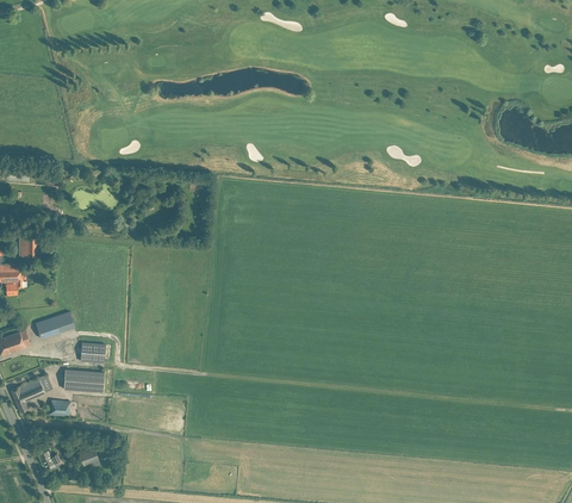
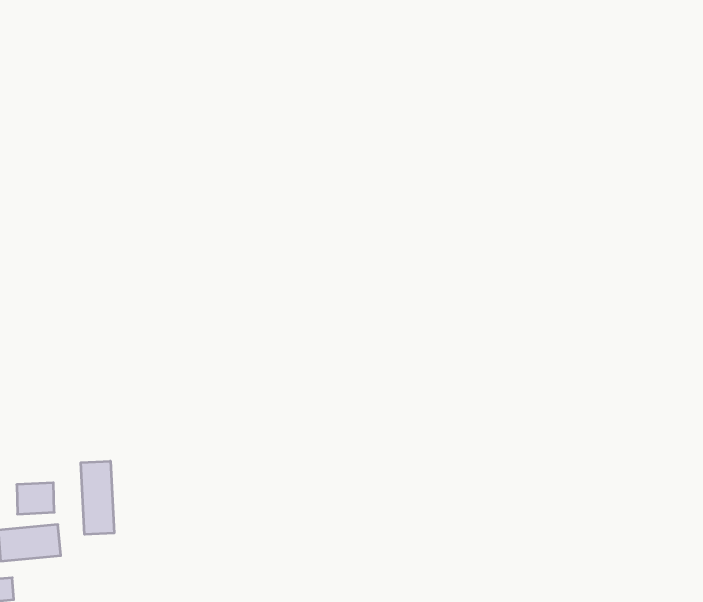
building: none -> [81,461,114,534]

